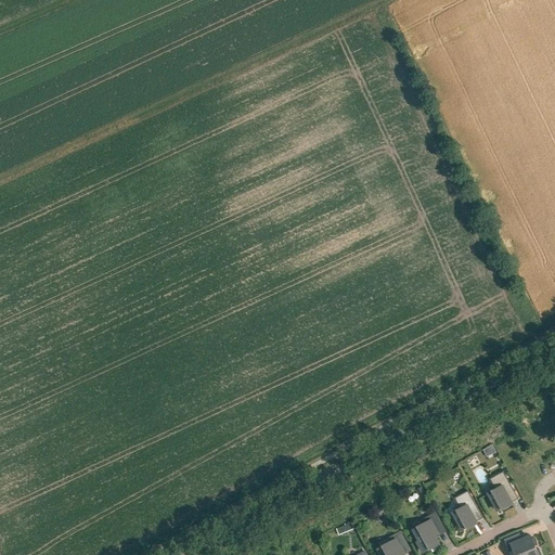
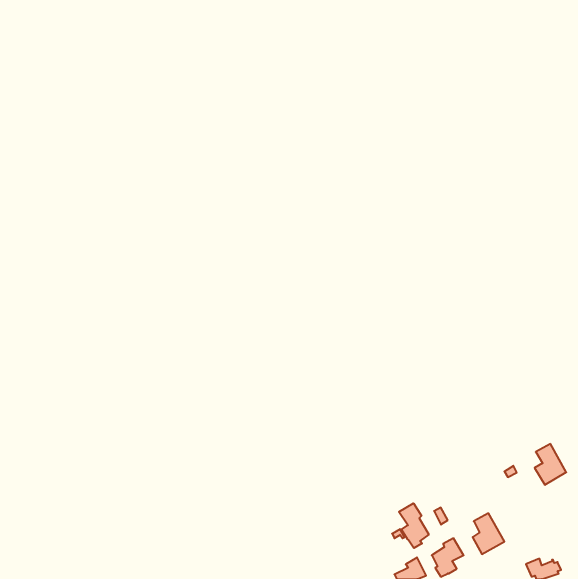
building: [487,472,517,511] -> [535,444,566,485]
building: none -> [399,503,429,548]

